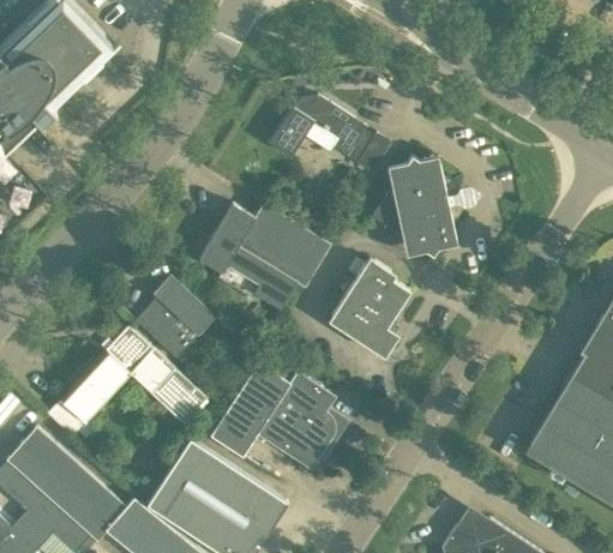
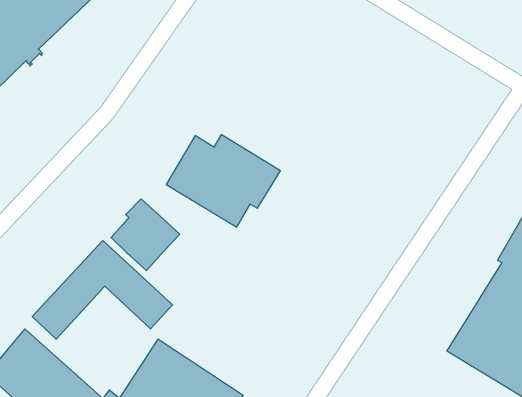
building: [270,96,391,174] -> none
building: [372,157,464,257] -> none
building: [331,262,410,355] -> none
building: [210,365,337,471] -> none

